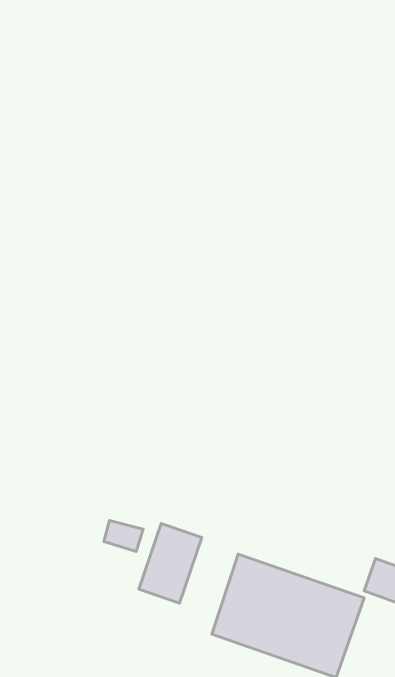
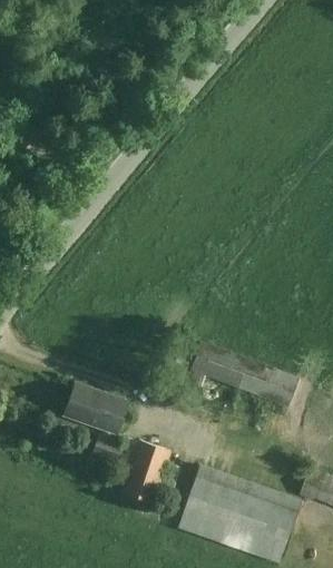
building: none -> [190,342,297,409]
building: none -> [63,382,128,433]

